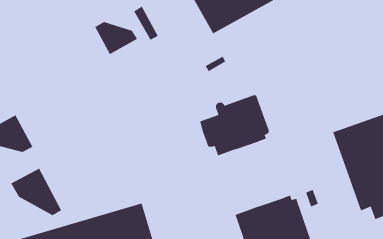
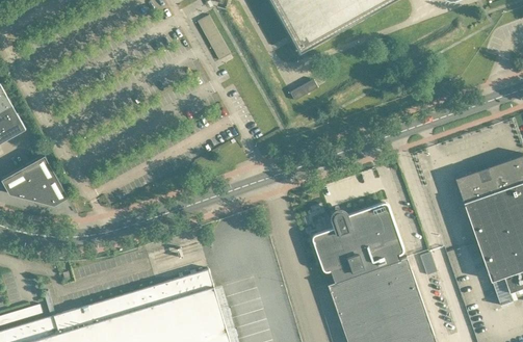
building: [94,21,138,55] -> none
building: [199,95,270,156] -> [313,203,404,283]
building: [10,168,62,216] -> none

